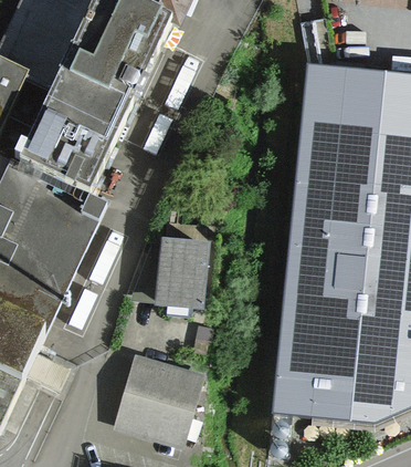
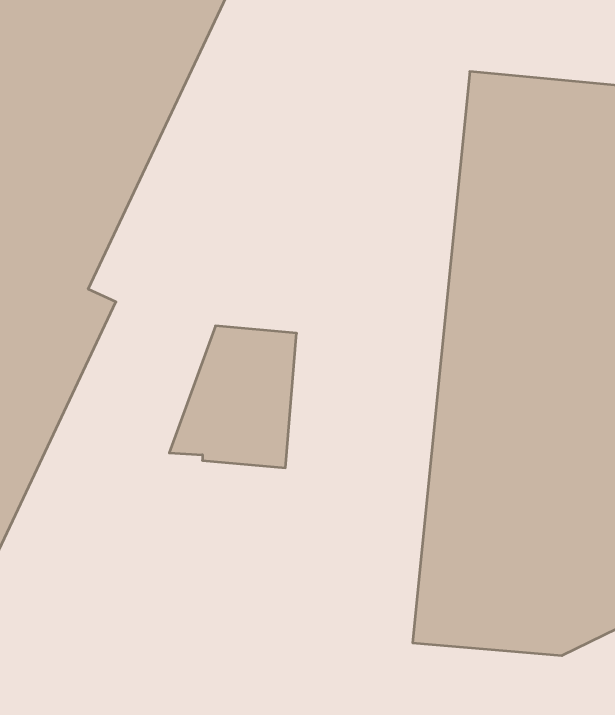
building: [114,353,203,445] -> none

